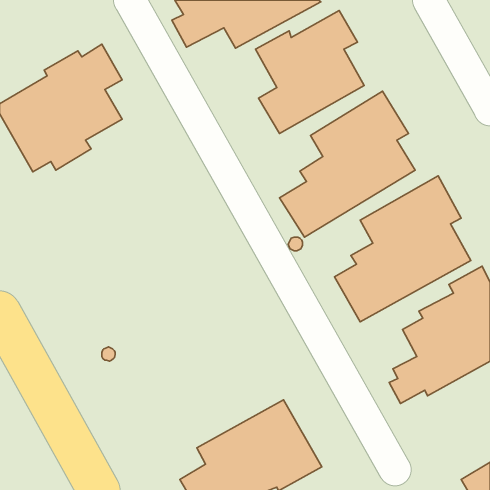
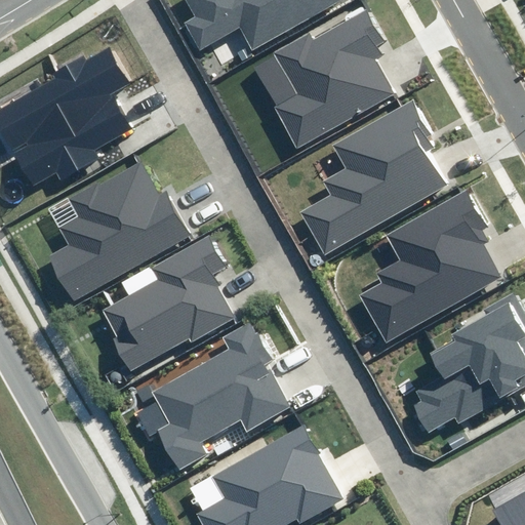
building: none -> [45,165,196,305]
building: none -> [100,234,235,371]
building: none -> [152,320,290,470]

